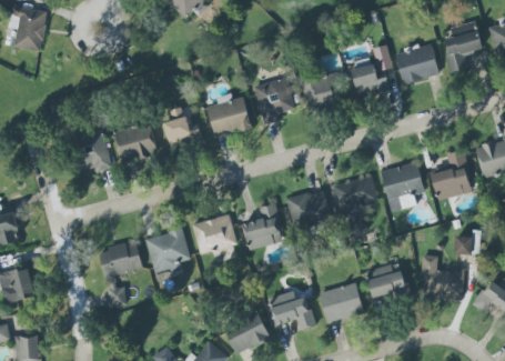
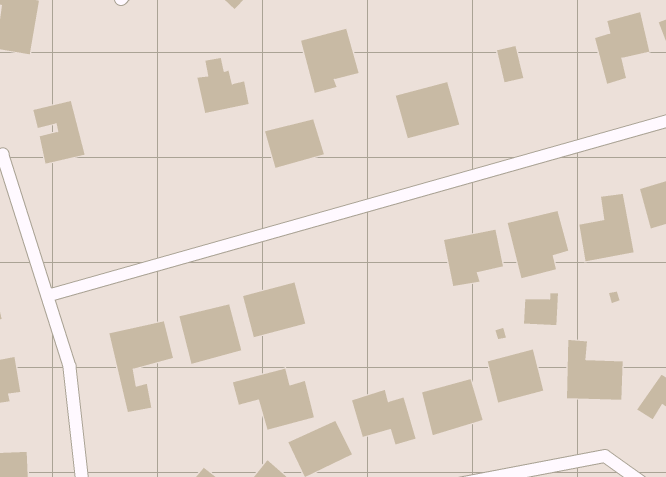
building: [395,43,438,83] -> none
building: [351,63,388,96] -> none
building: [253,77,295,123] -> [300,28,359,93]
building: [163,107,201,147] -> [197,57,250,113]
building: [112,121,155,163] -> none
building: [73,129,111,174] -> [33,100,85,164]
building: [285,188,331,229] -> none
building: [241,202,283,250] -> none
building: [454,231,479,254] -> [523,293,559,325]
building: none -> [232,368,314,430]

